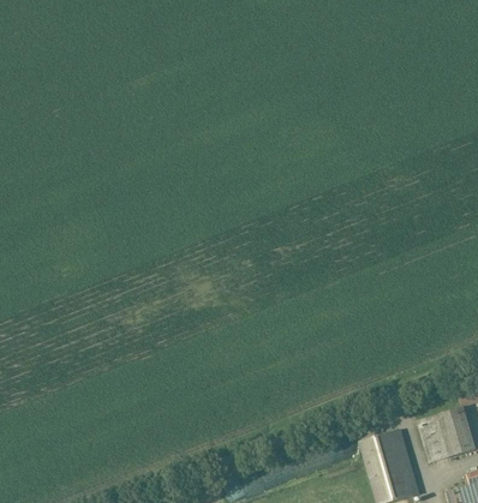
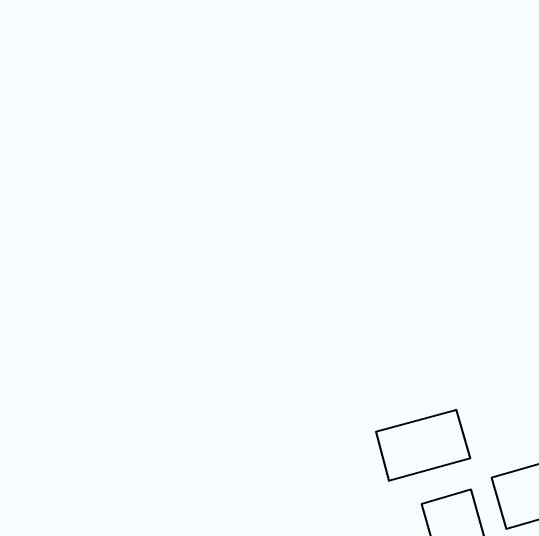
building: none -> [376,410,470,481]

